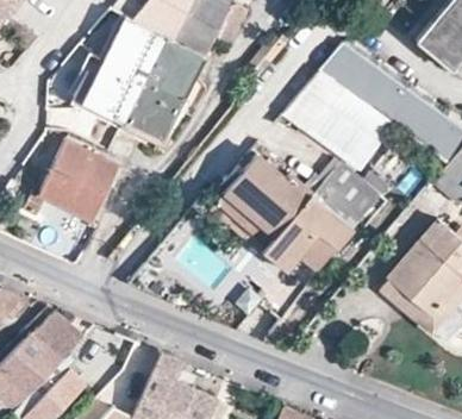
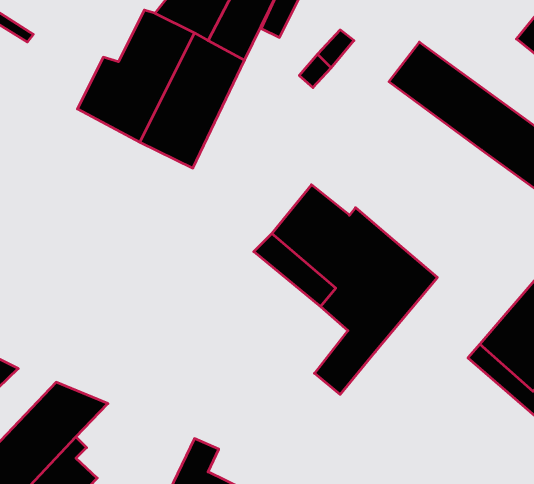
building: [288,74,388,160] -> none
building: [25,142,119,221] -> none
building: [313,162,380,227] -> none

